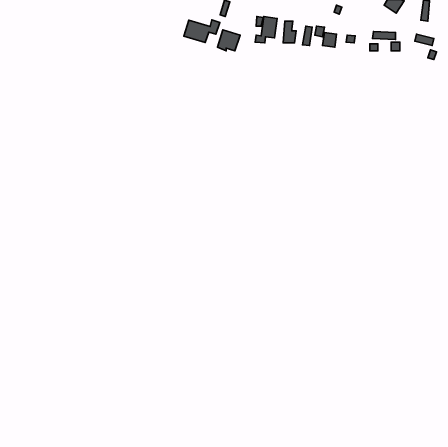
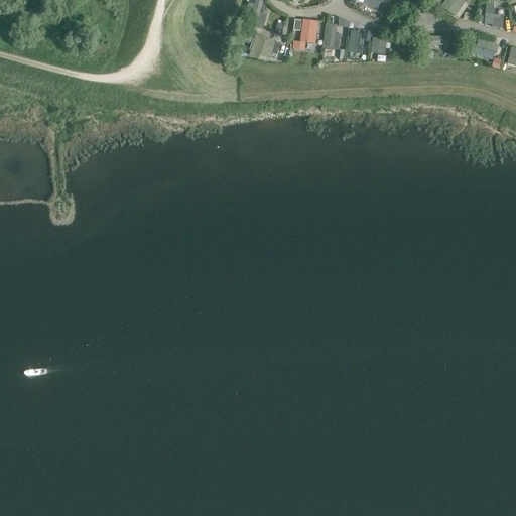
building: [184,20,220,43] -> none

